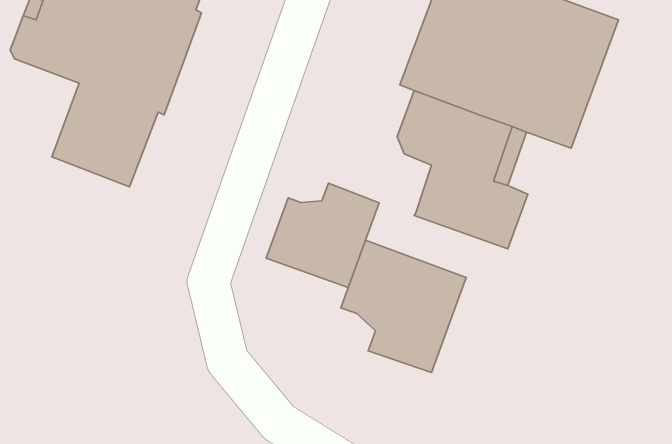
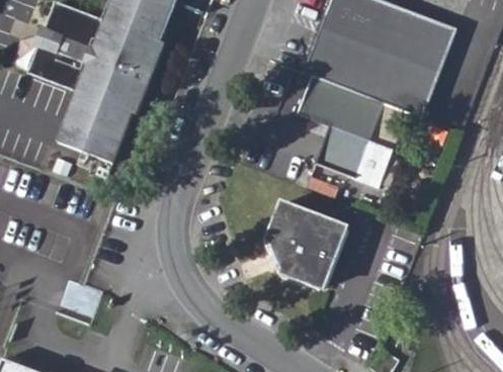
building: [266,183,379,287] -> none

